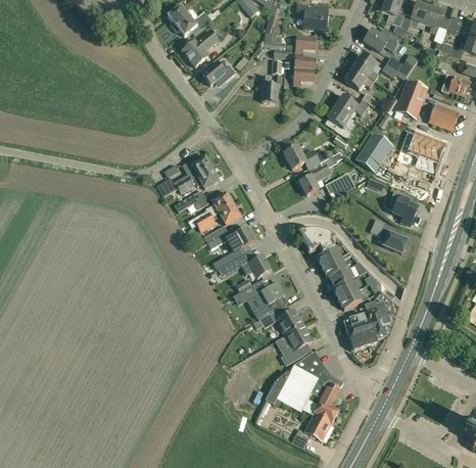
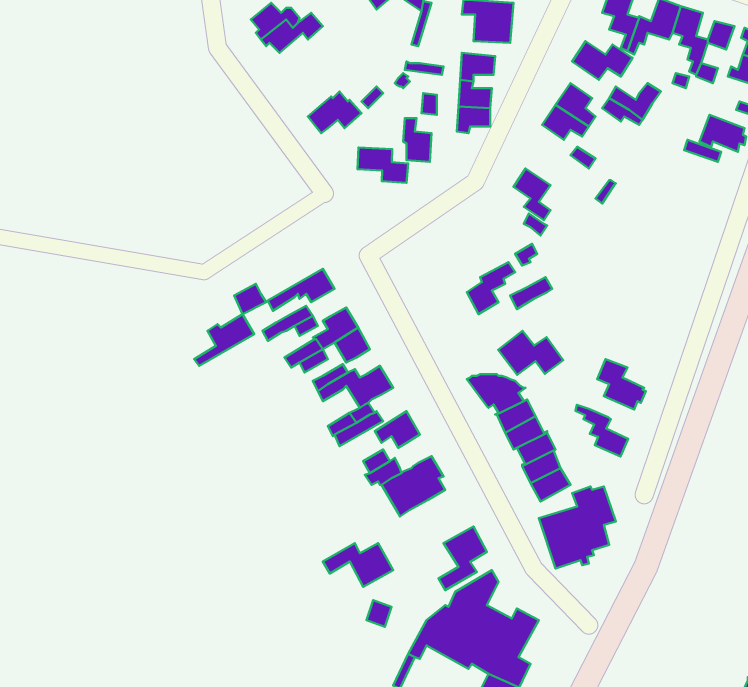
building: [182,31,218,66] -> none
building: [395,80,428,119] -> none
building: none -> [357,148,408,183]
building: [335,95,369,116] -> none
building: [429,103,459,130] -> none
building: [356,133,392,172] -> none
building: [400,133,445,174] -> none
building: [283,145,320,169] -> none
building: [175,155,211,187] -> [194,314,254,366]
building: [389,190,418,225] -> none
building: none -> [498,331,563,375]
building: none -> [575,405,628,457]
building: [260,309,303,335] -> [323,543,393,587]

